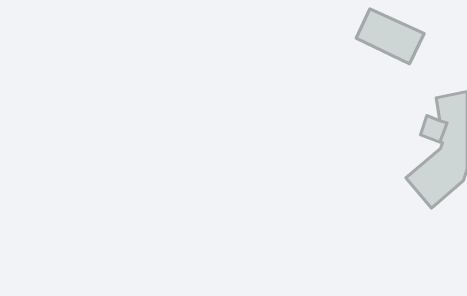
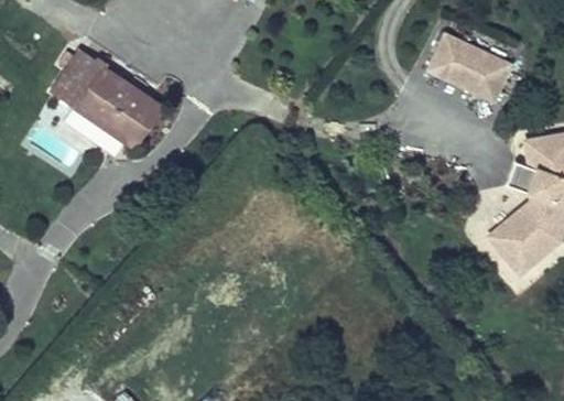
building: none -> [53,50,159,145]

